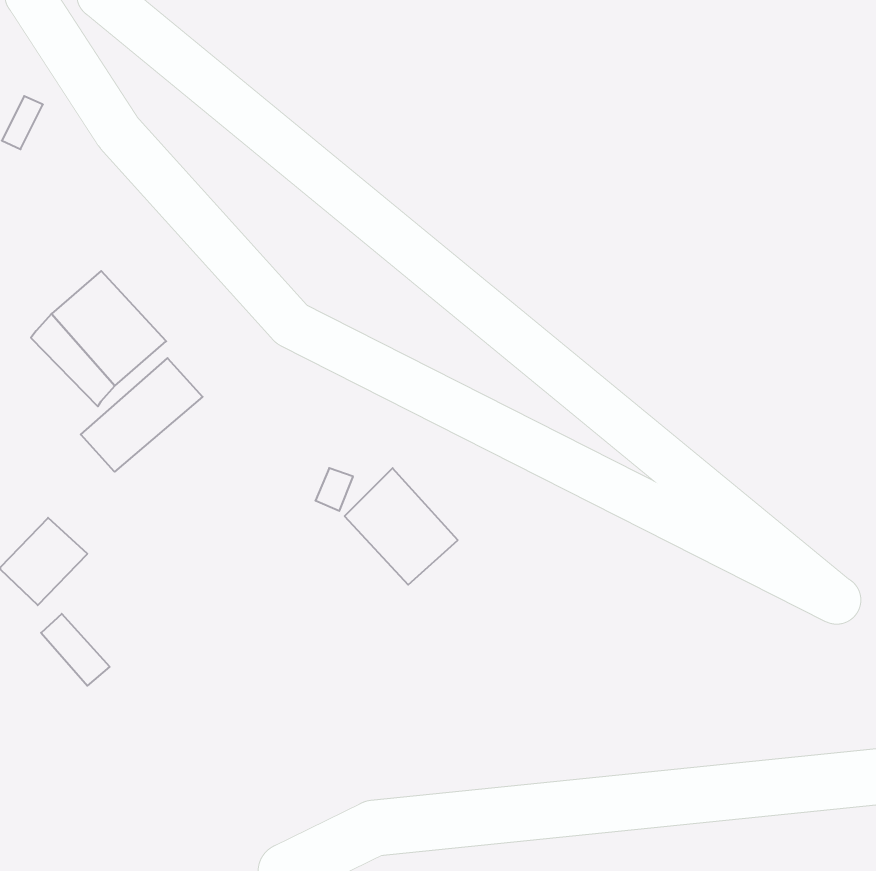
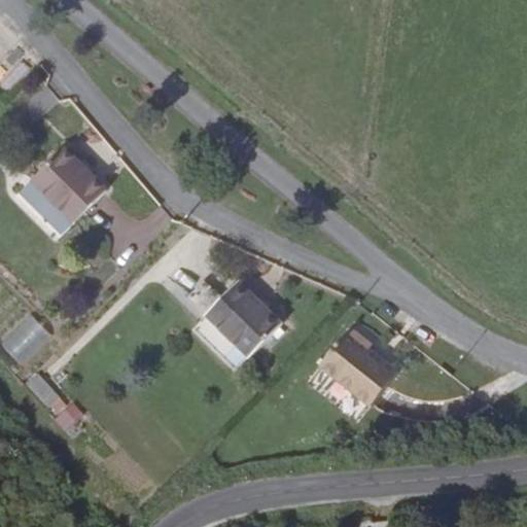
building: [81,358,203,472] -> none
building: none -> [323,333,390,401]

